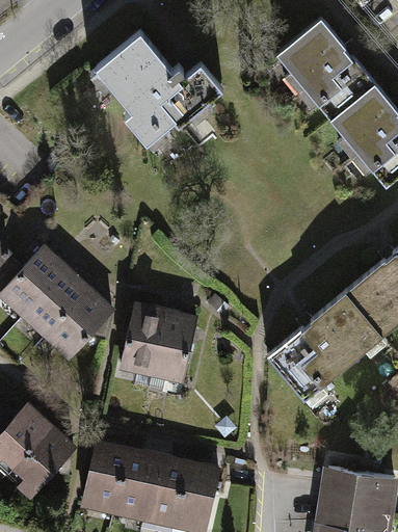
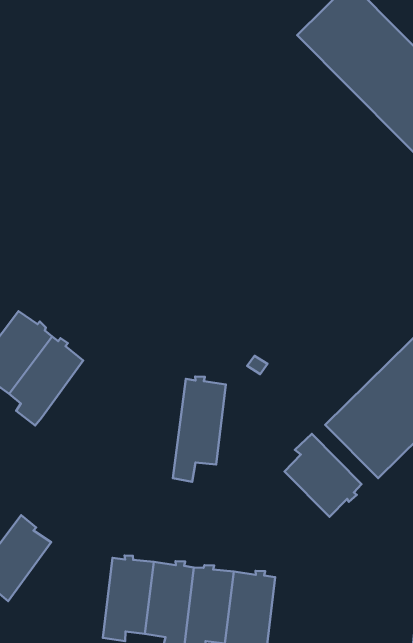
building: [92,32,221,148] -> none
building: [52,289,112,355] -> none
building: [121,303,165,385] -> none
building: none -> [284,434,362,517]
building: [12,425,74,494] -> none

